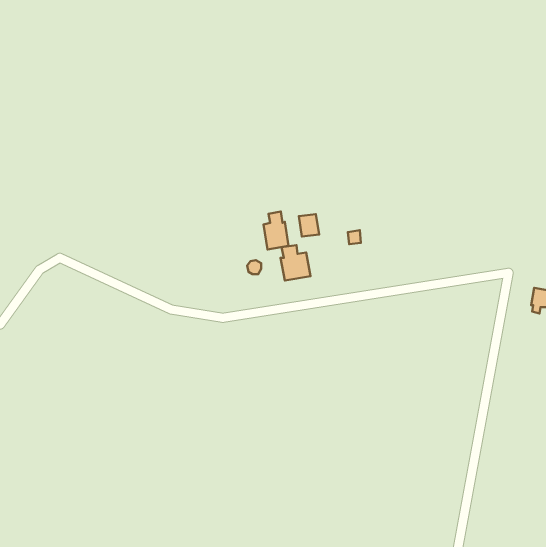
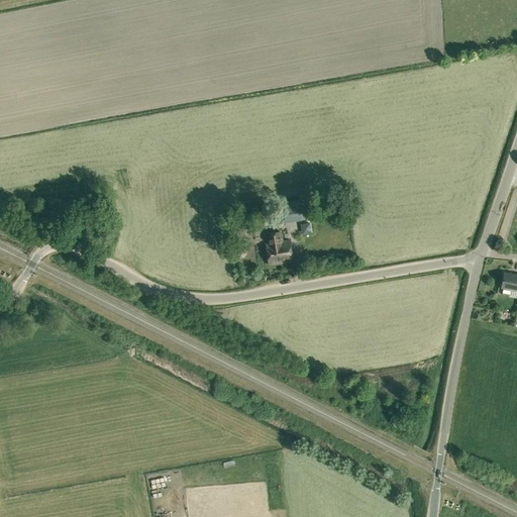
building: [263,211,288,250] -> none

